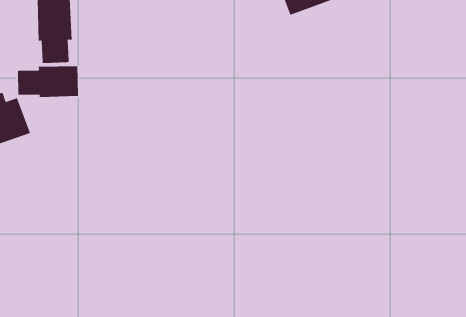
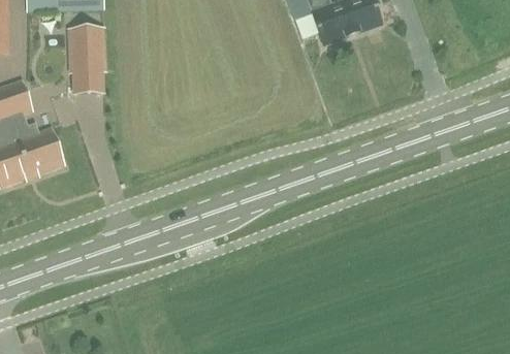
building: [17,66,79,98] -> none

